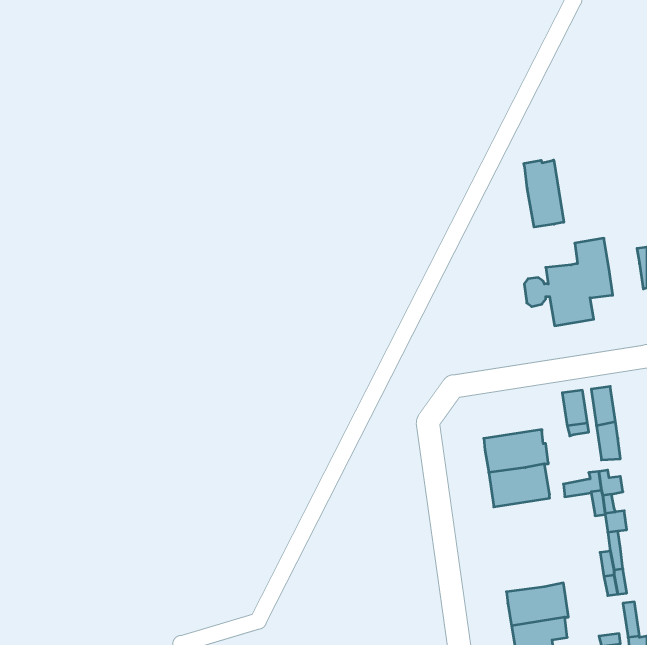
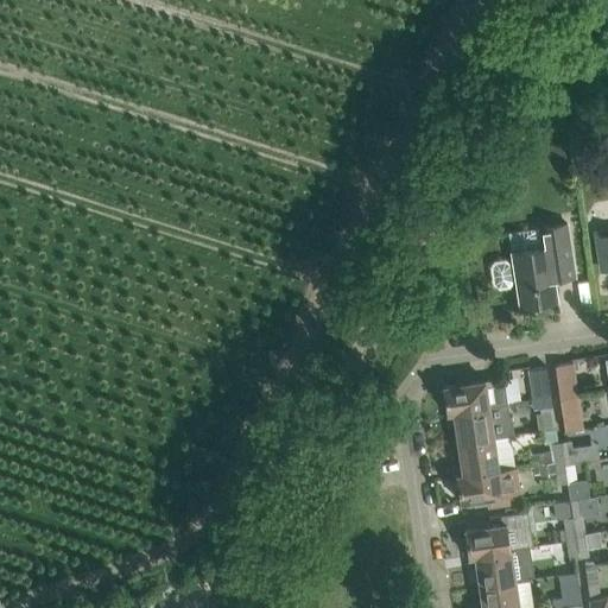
building: [524,160,564,227] -> none
building: none -> [443,380,508,414]
building: none -> [456,469,520,508]
building: none -> [464,515,528,558]

